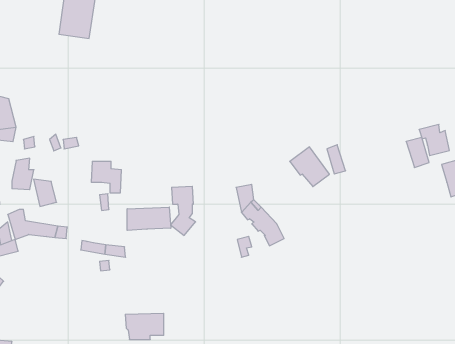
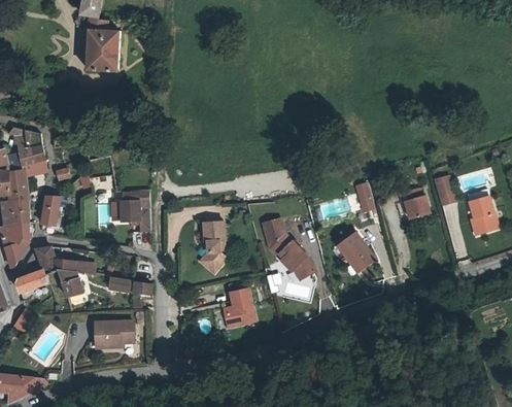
building: [419,124,449,156] -> [397,190,426,221]
building: [290,147,329,187] -> [335,230,374,269]
building: [34,179,57,206] -> [59,269,81,296]
building: [127,207,171,230] -> none
building: none -> [224,290,252,328]
building: [125,313,164,339] -> [92,318,130,344]

